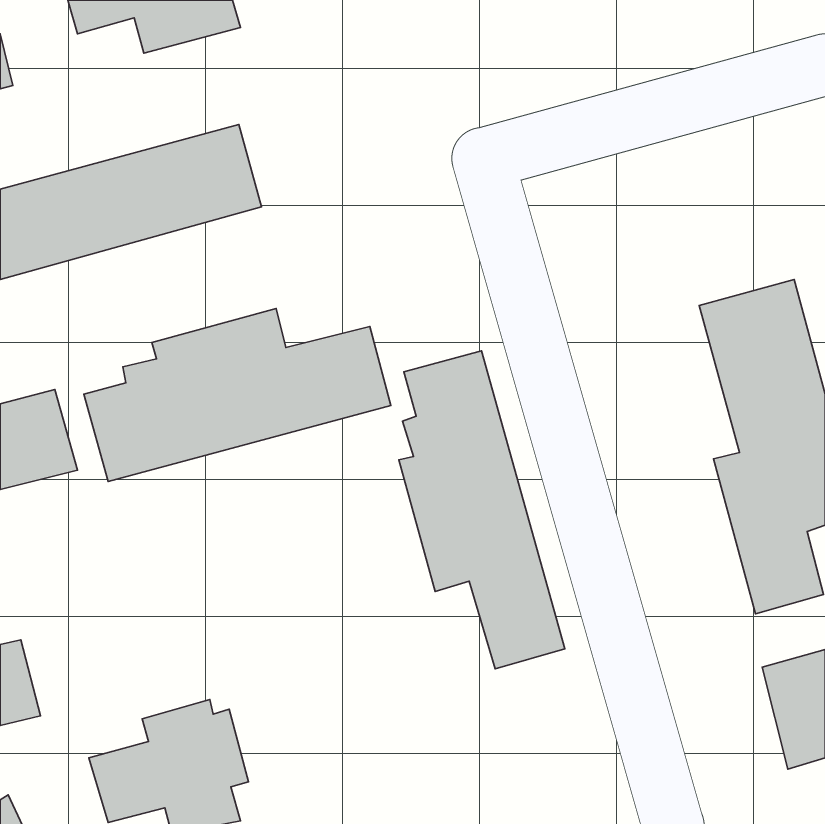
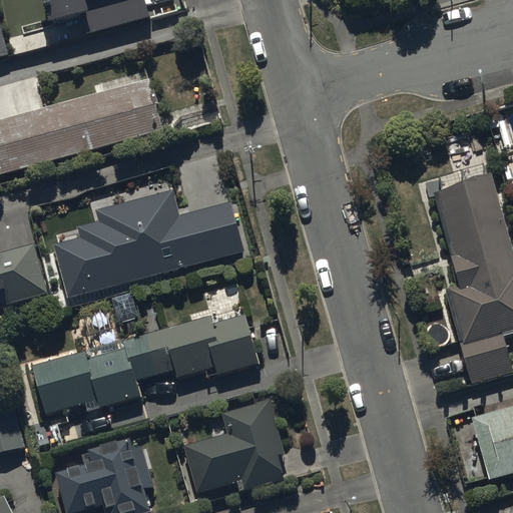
building: [399,351,565,669] -> none
building: none -> [33,315,260,414]
building: none -> [183,400,286,494]

